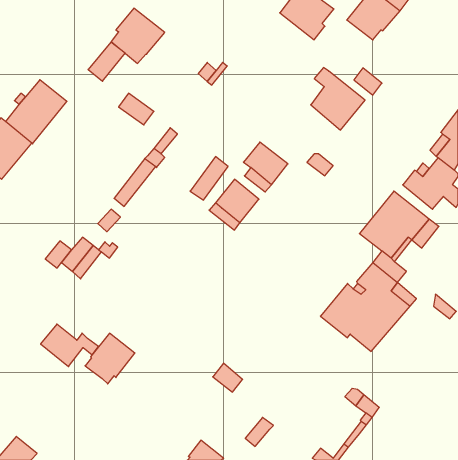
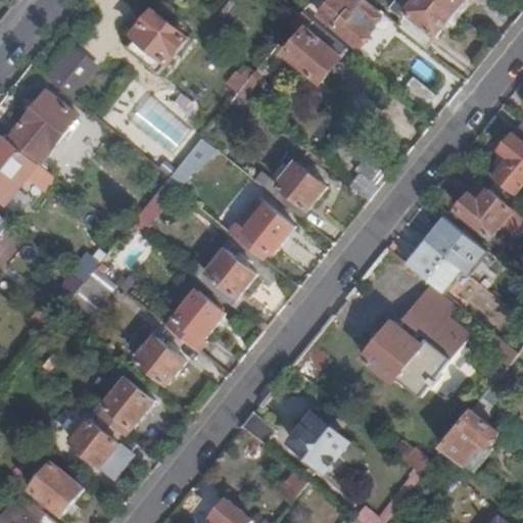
building: [88,42,125,81] -> [46,47,88,91]
building: [311,68,365,130] -> [285,10,346,81]
building: none -> [188,248,253,303]
building: none -> [165,289,222,348]
building: none -> [134,335,184,382]
building: [41,324,98,367] -> [68,417,134,465]
building: none -> [440,395,497,463]
building: none -> [290,414,362,470]
building: none -> [30,461,82,512]

